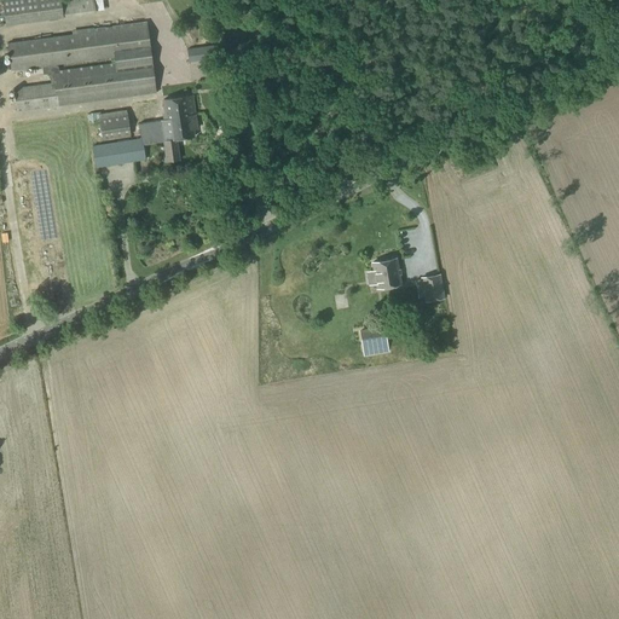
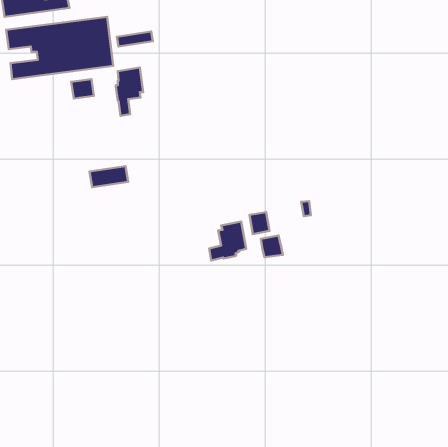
building: [93,137,146,166] -> [89,166,128,187]
building: [374,256,401,287] -> [249,212,270,234]
building: none -> [209,222,246,260]

